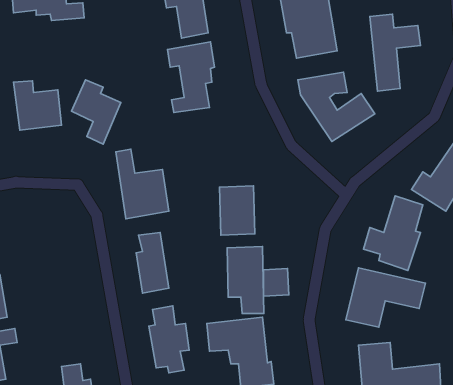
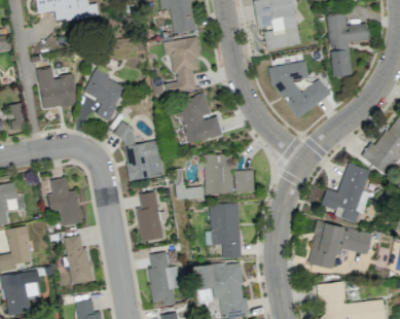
building: none -> [178,95,222,143]
building: none -> [48,178,83,225]
building: [263,268,289,296] -> [234,170,255,192]
building: none -> [64,236,94,286]

